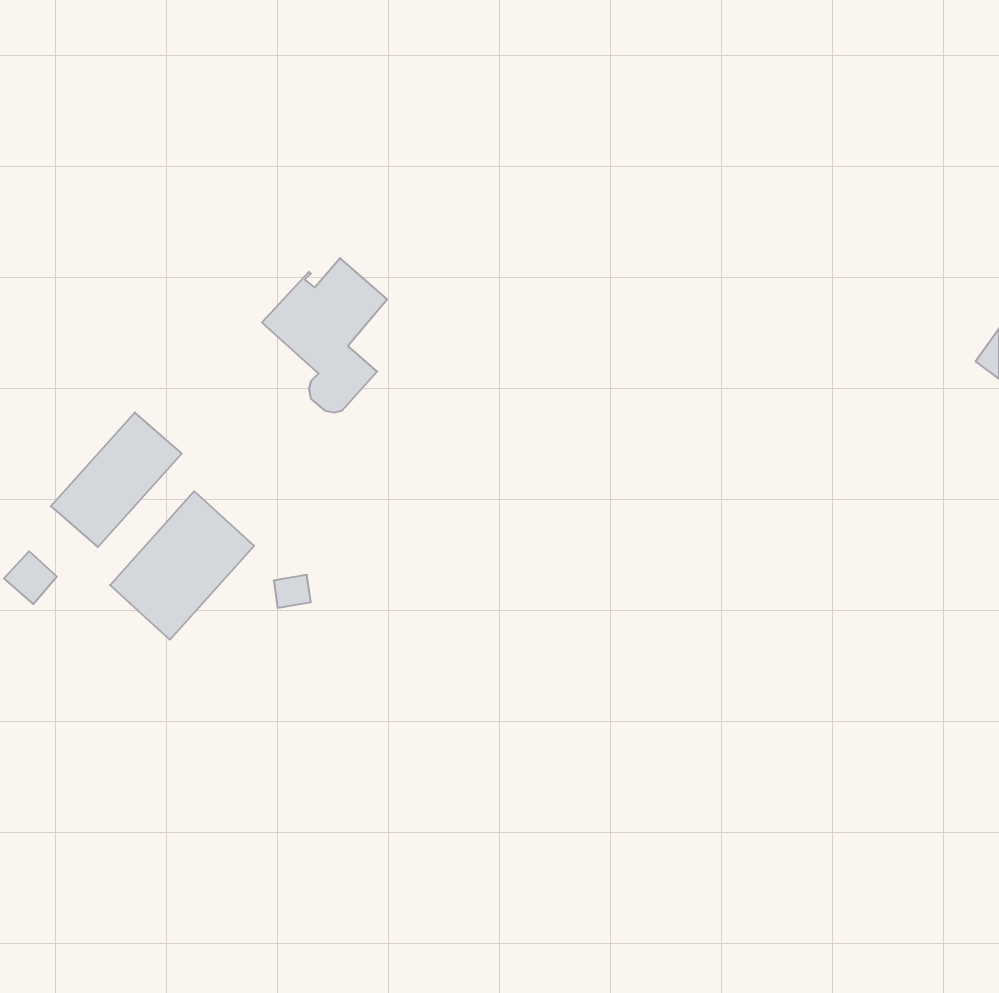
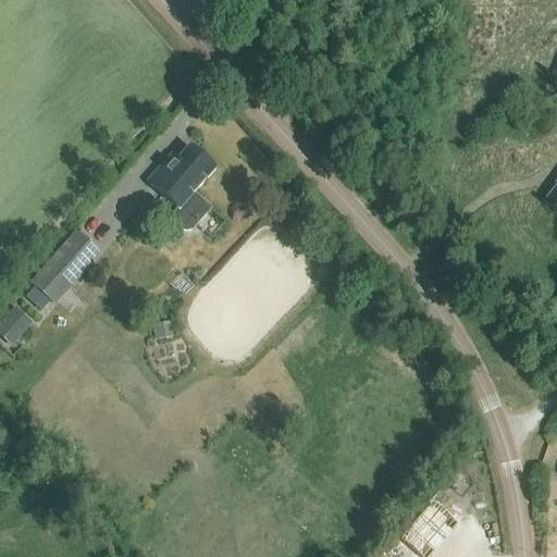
building: [110,491,254,640] -> none

